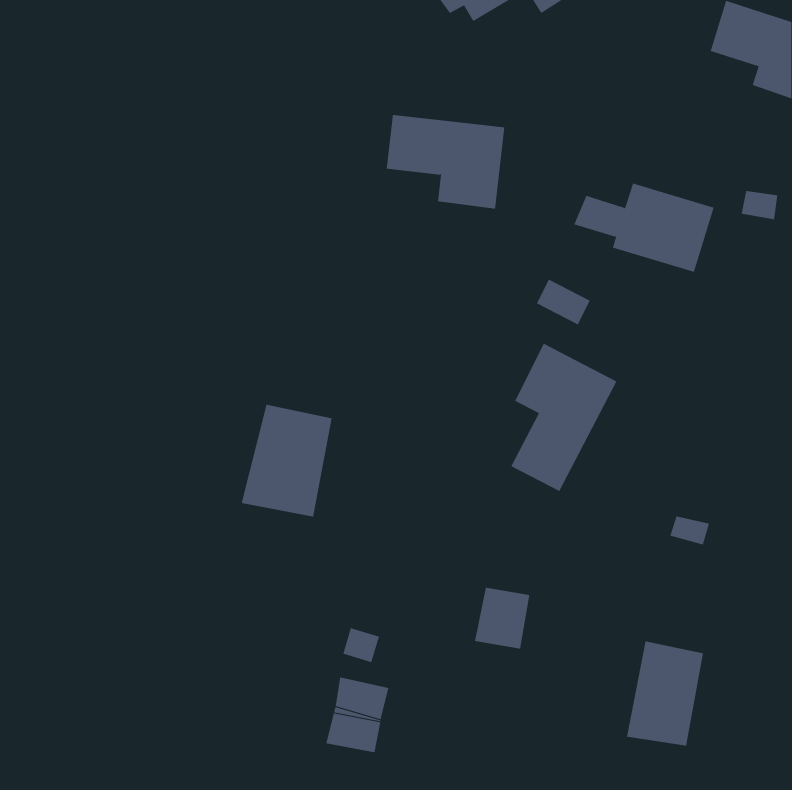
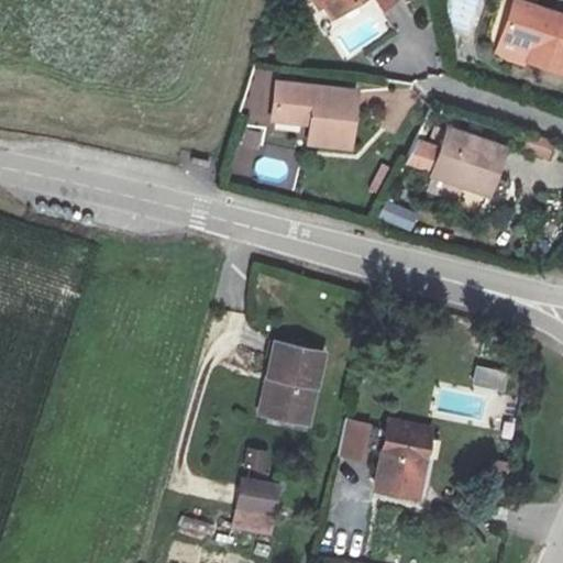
building: [511,343,617,492] -> none
building: [241,404,332,517] -> [258,344,323,424]
building: [626,641,704,746] -> [376,422,431,497]

